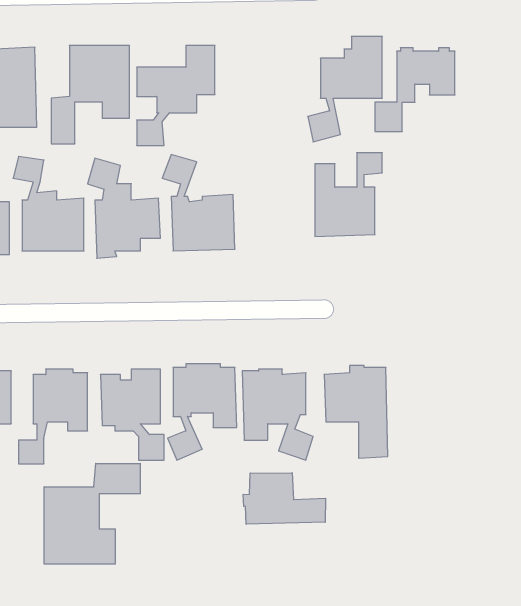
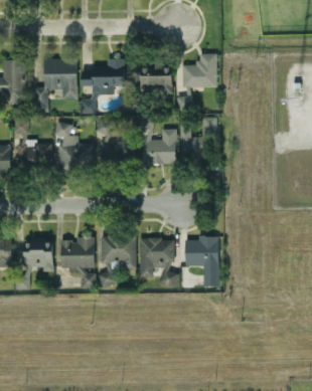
building: [375,48,455,131] -> [128,67,172,114]
building: none -> [137,118,175,164]
building: [44,463,140,564] -> none
building: [243,473,326,524] -> none

